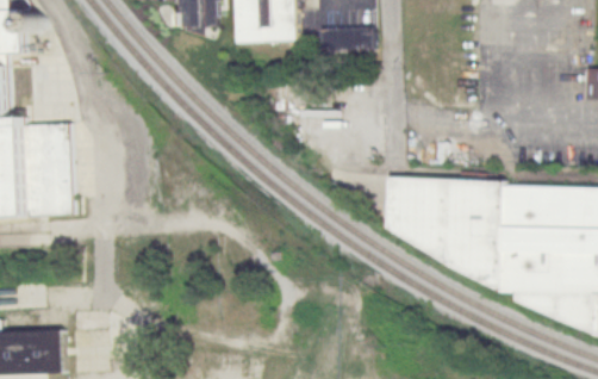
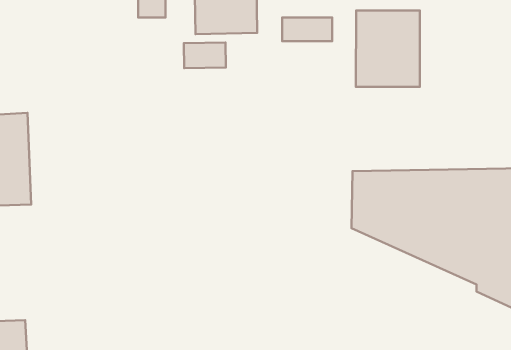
building: none -> [356,11,420,87]
building: none -> [184,42,226,68]

